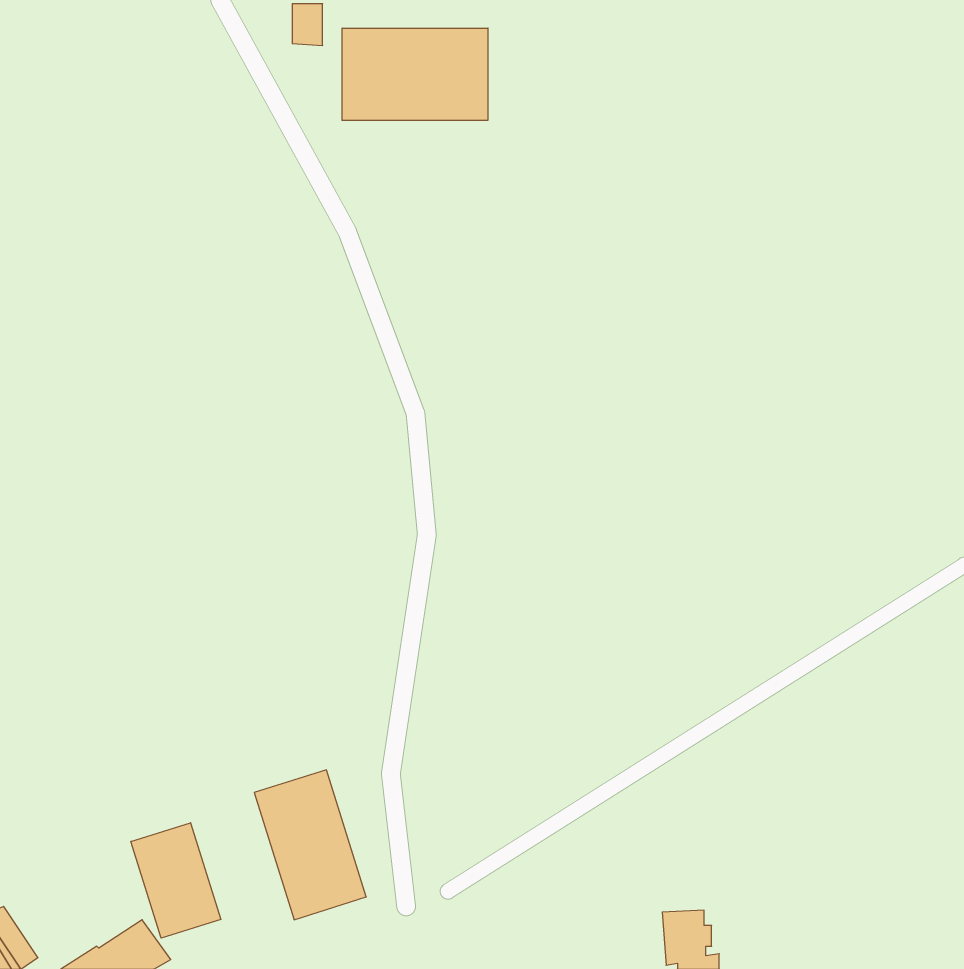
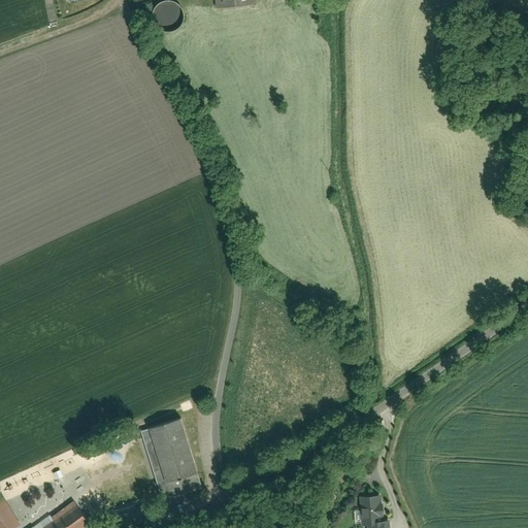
building: [342,28,488,120] -> none
building: [131,823,221,938] -> none

